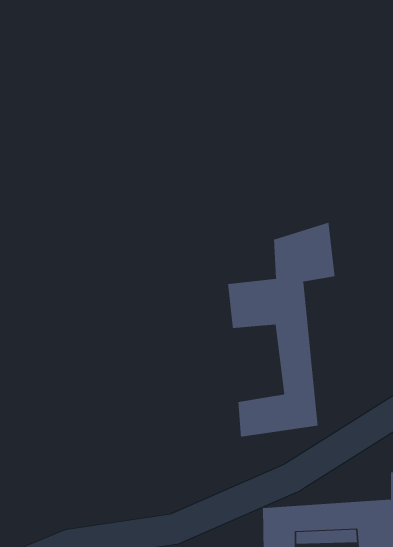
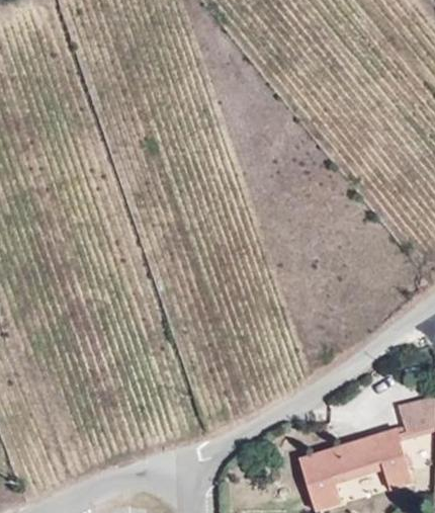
building: [227,222,335,438] -> none

